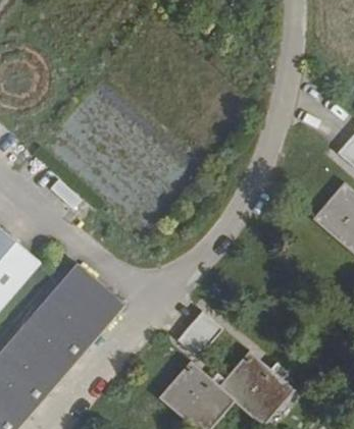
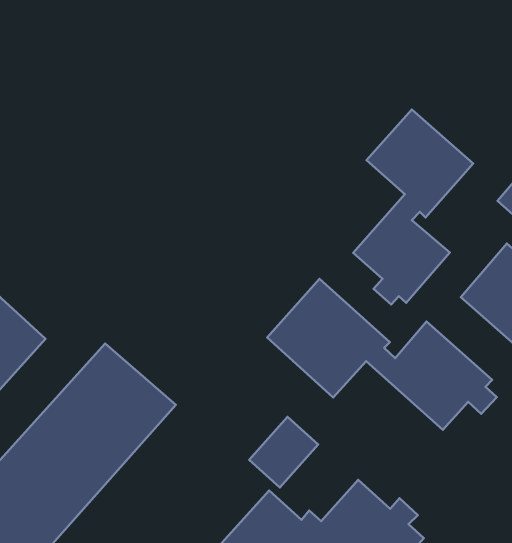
building: none -> [353,110,473,305]
building: none -> [267,279,497,430]

